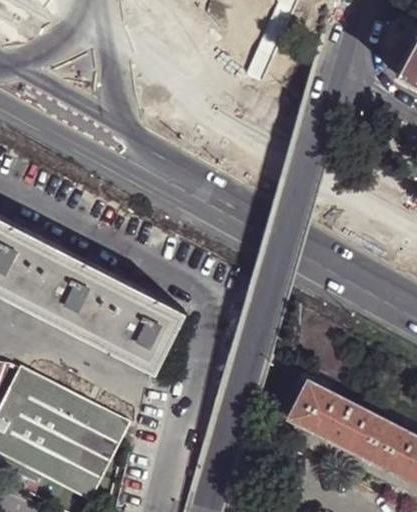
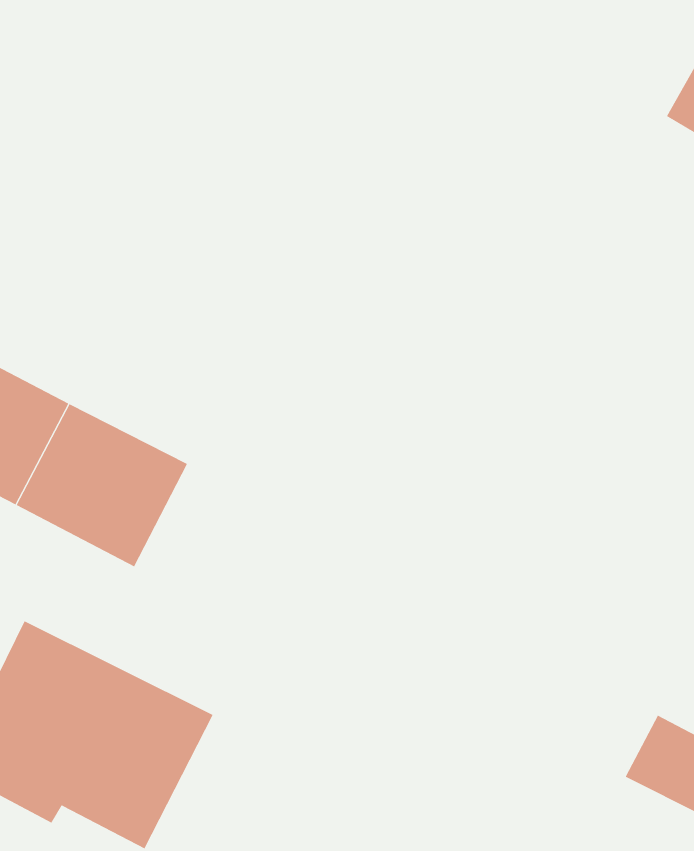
building: [85,277,184,372] -> none
building: [287,380,389,459] -> none

